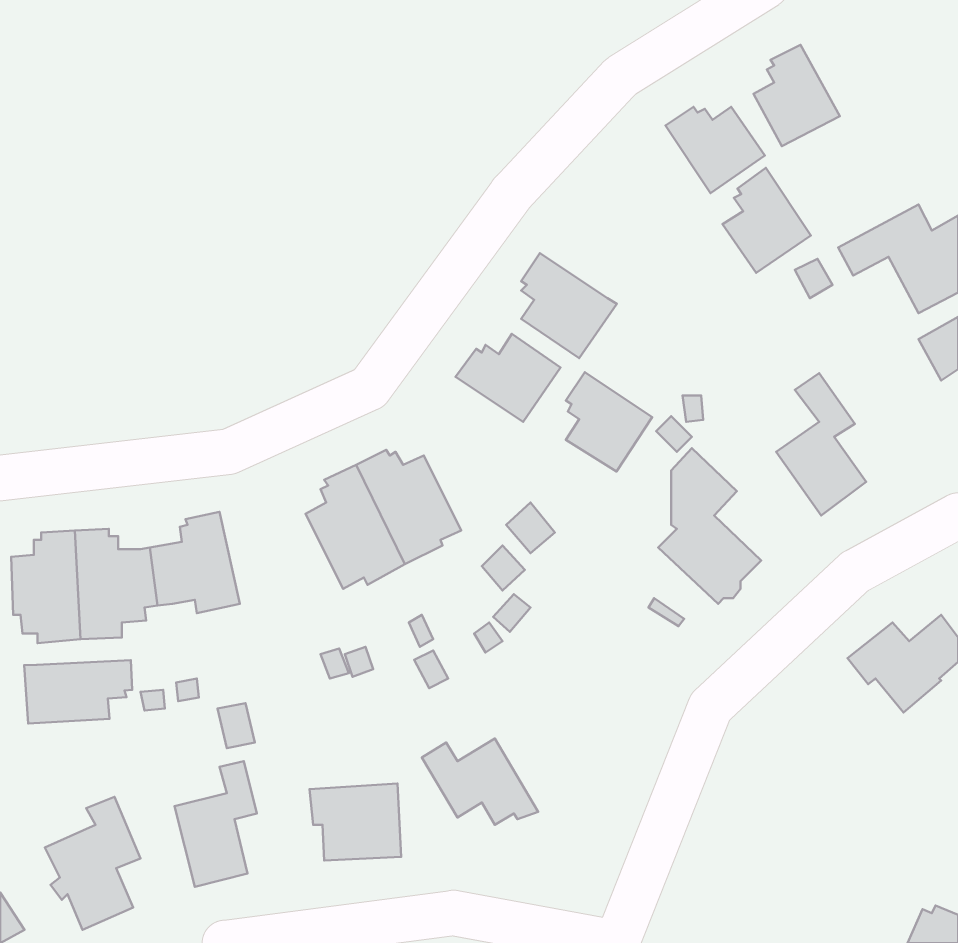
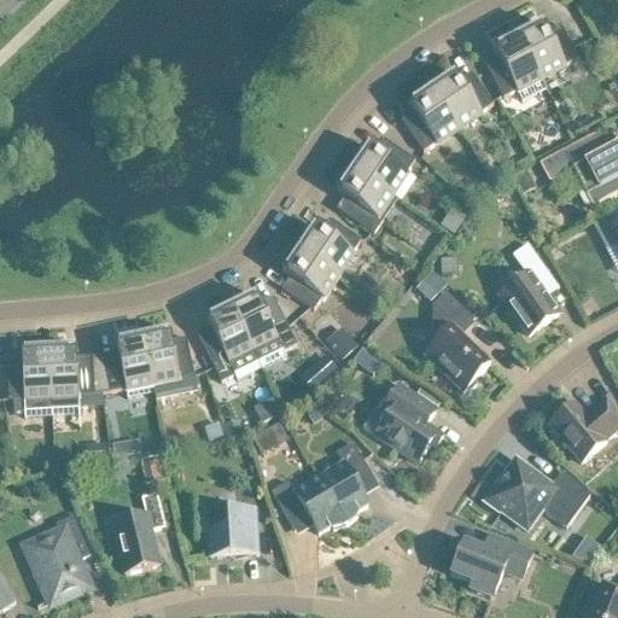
building: none -> [515,18,578,75]
building: [723,168,811,273] -> [401,81,457,148]
building: none -> [348,135,415,192]
building: [566,372,652,472] -> [281,243,337,307]
building: none -> [141,325,198,401]
building: none -> [375,383,438,460]
building: [24,660,132,723] -> none
building: none -> [319,441,375,523]
building: none -> [484,459,589,525]
building: none -> [450,531,532,595]

